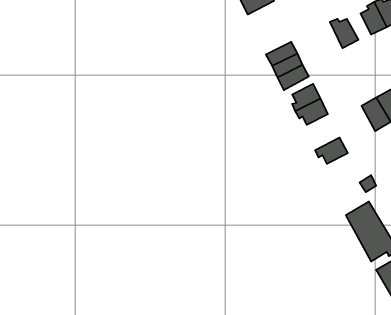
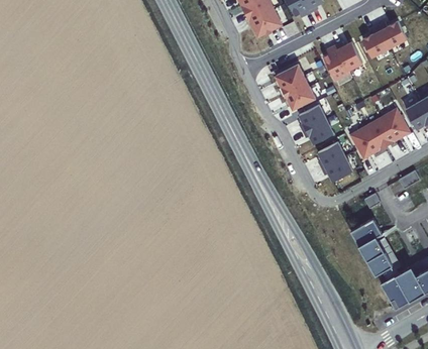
building: none -> [323,45,349,81]
building: none -> [349,126,379,159]
building: none -> [317,142,344,168]

